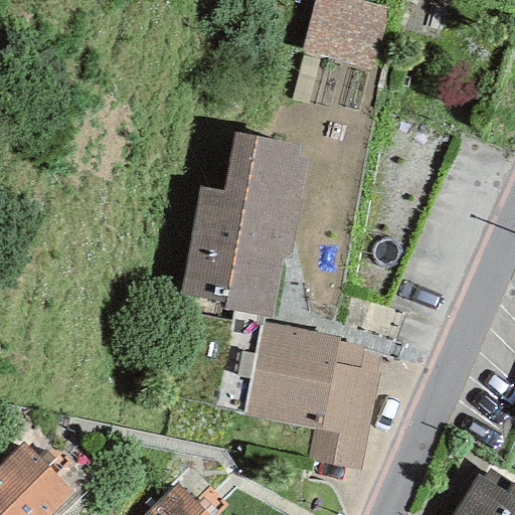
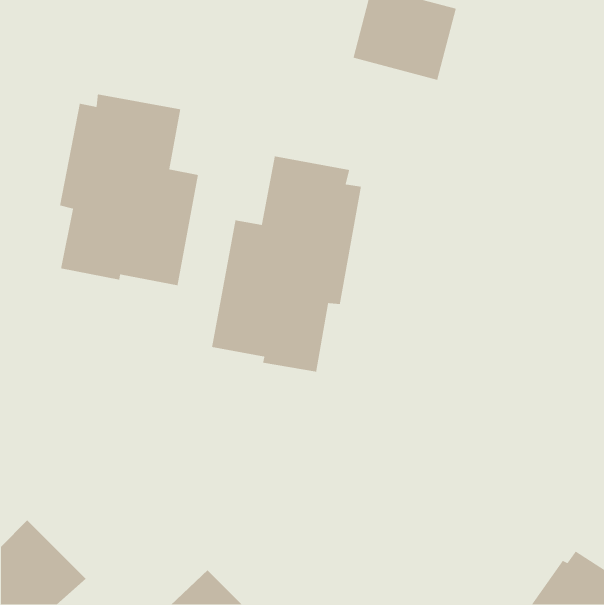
building: none -> [59,94,199,286]
building: [243,322,381,470] -> none

